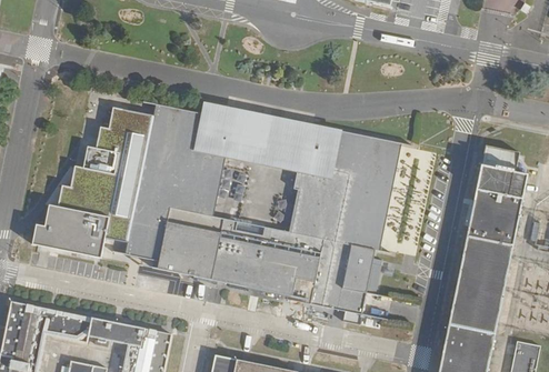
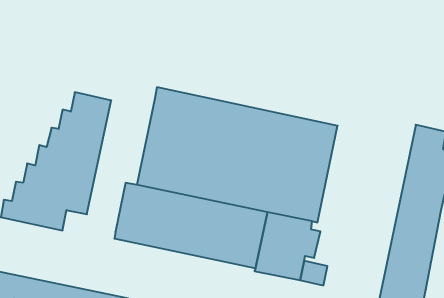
building: [123,105,200,261] -> none

